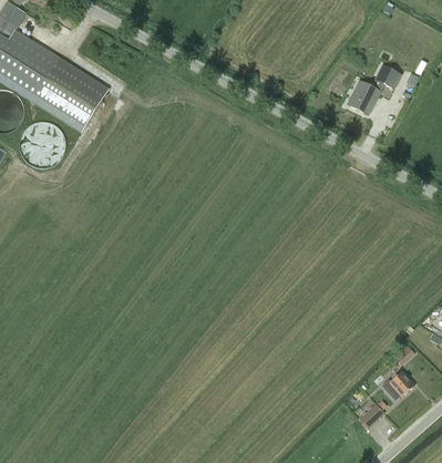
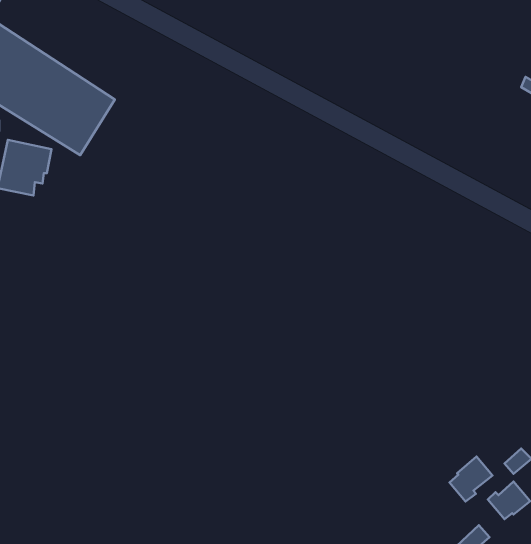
building: [348,63,401,112] -> none
building: none -> [450,456,492,502]

